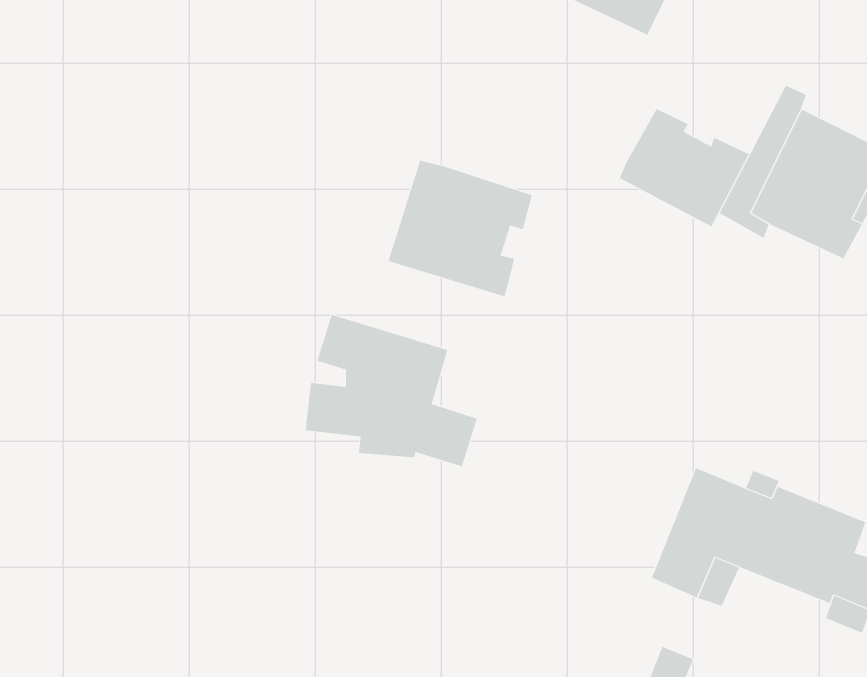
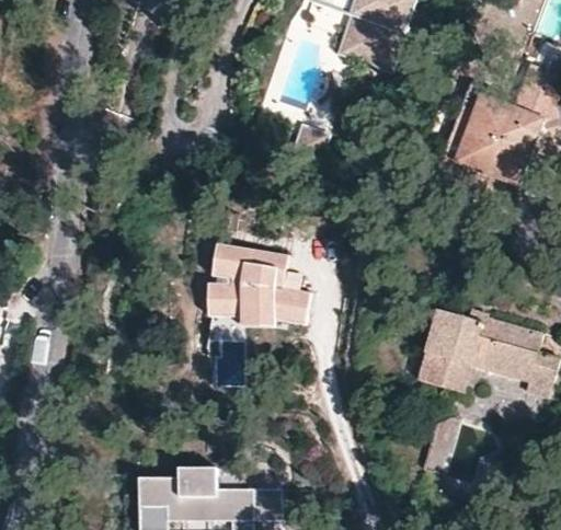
building: [619,108,750,227] -> none
building: [388,160,532,297] -> none

